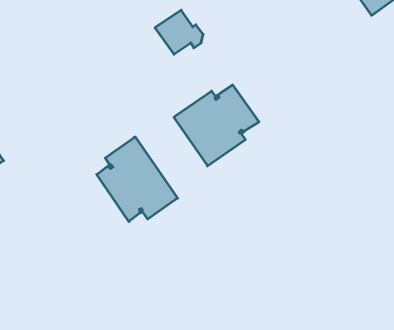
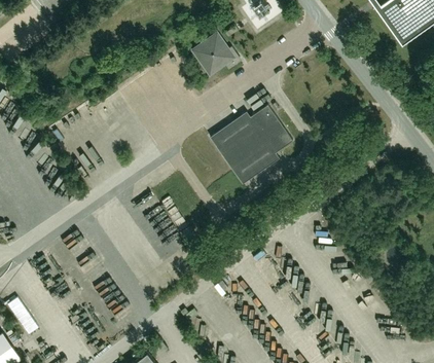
building: [97,137,178,222] -> none

